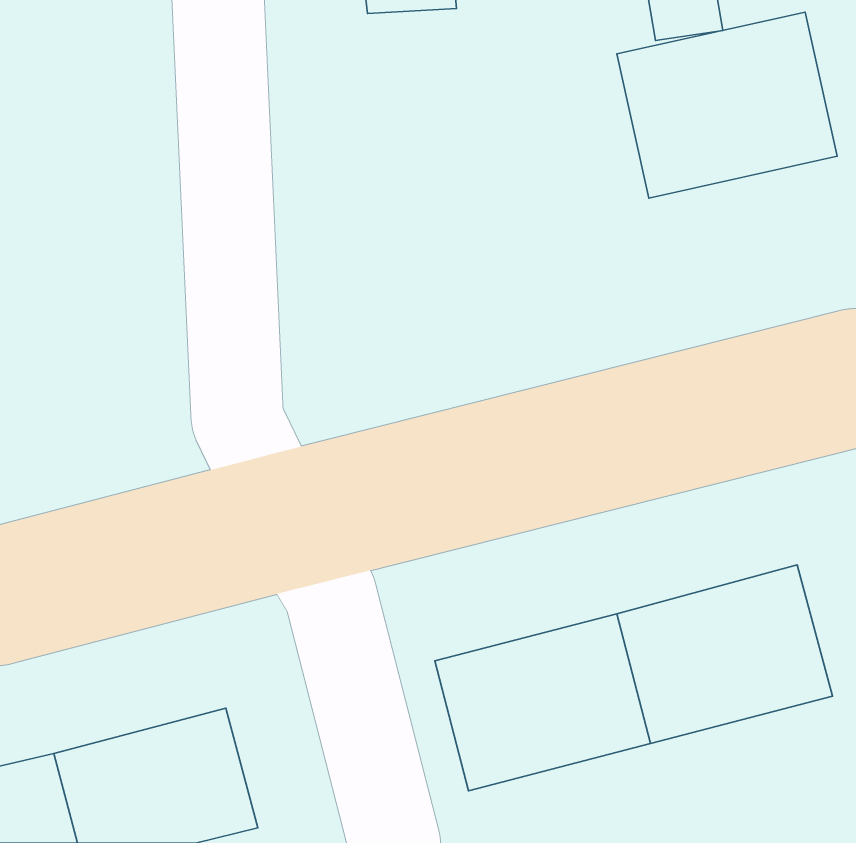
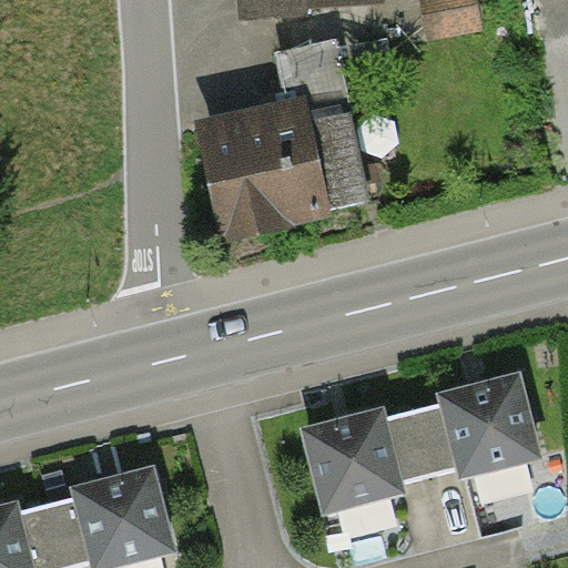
building: [617,12,837,198] -> none
building: none -> [204,32,367,227]

